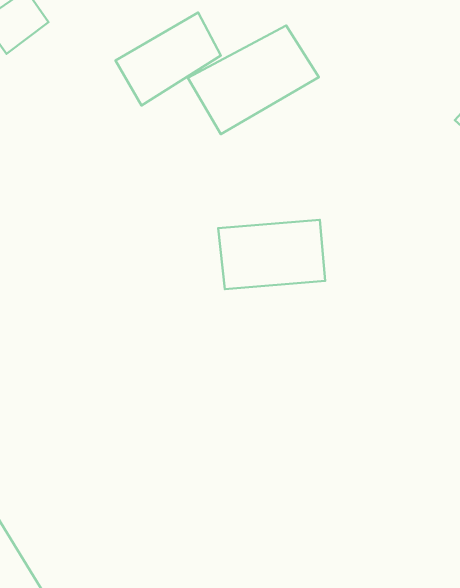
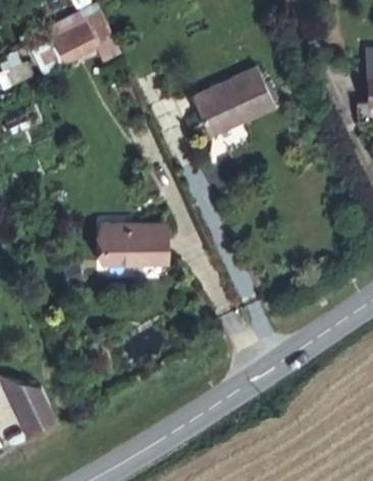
building: [116,13,221,106] -> none
building: [218,220,325,289] -> [104,229,170,271]

